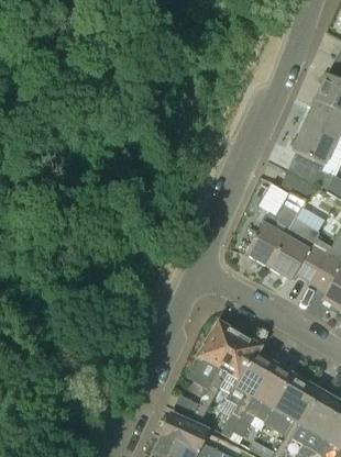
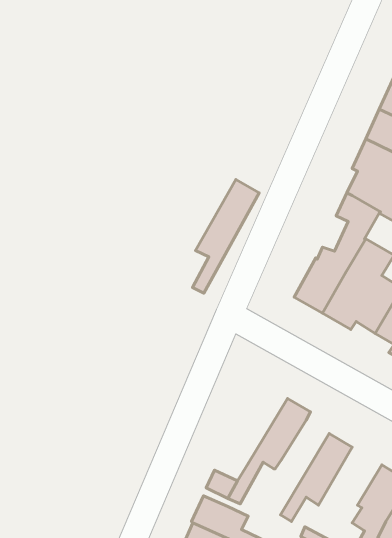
building: none -> [193,180,259,293]
building: [193,323,240,388] -> none
building: [221,353,274,436] -> none
building: [265,375,317,434] -> none

